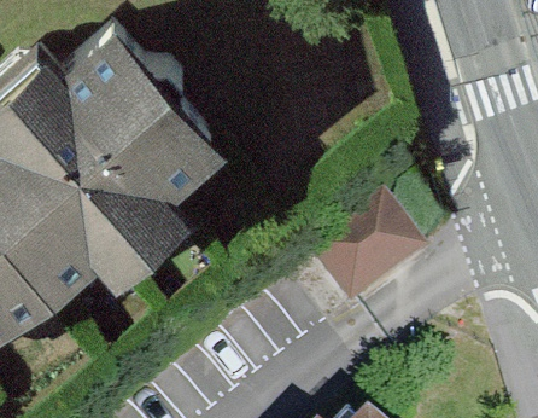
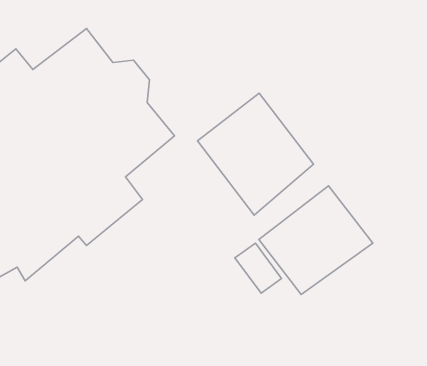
building: none -> [198,93,314,215]

